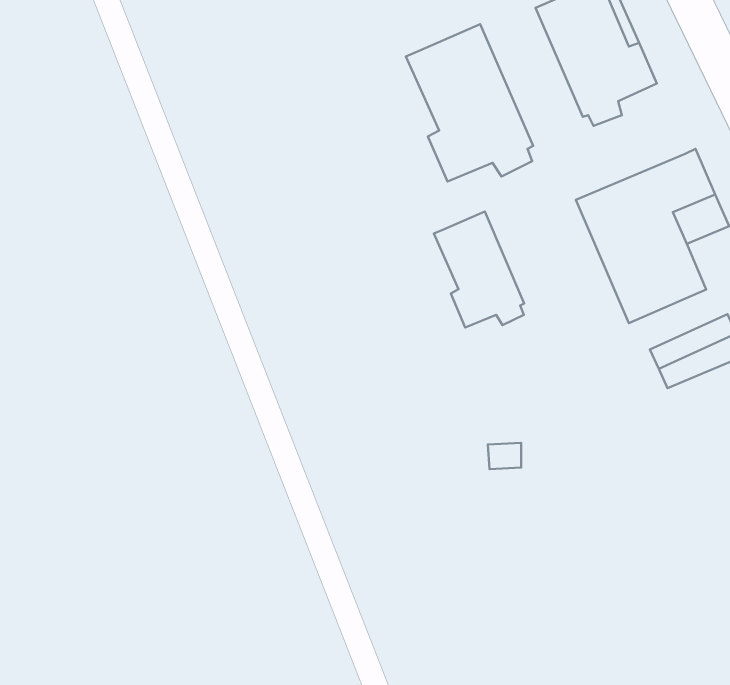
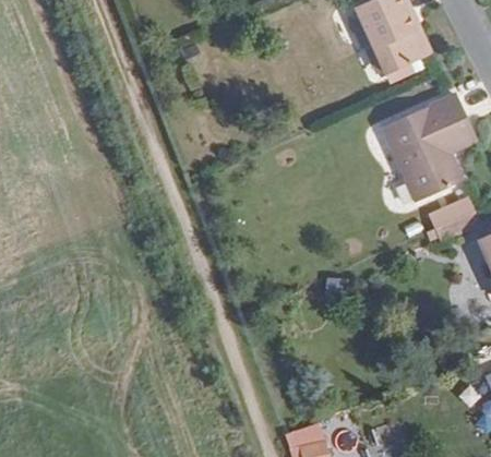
building: [406,24,533,182] -> none
building: [434,212,524,328] -> none

